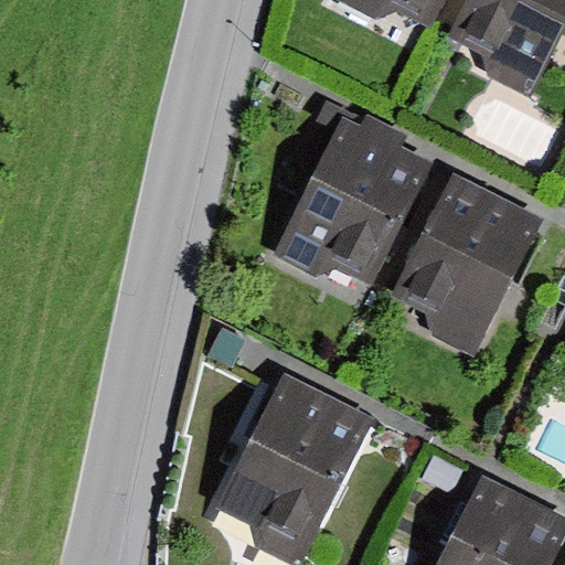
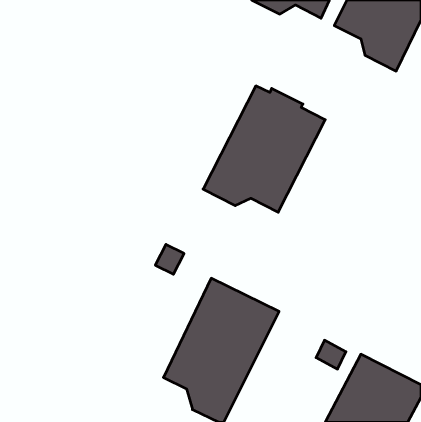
building: [392,171,544,354] -> none

